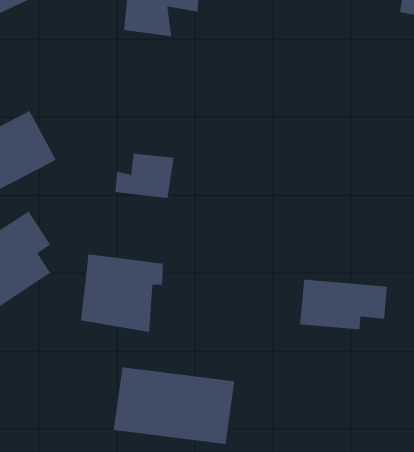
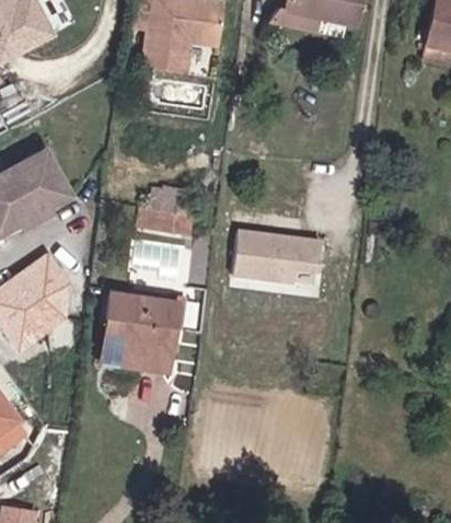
building: [299,279,388,330] -> [234,229,325,281]
building: [113,366,235,445] -> none

